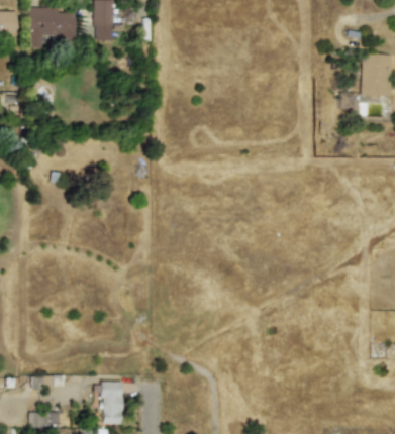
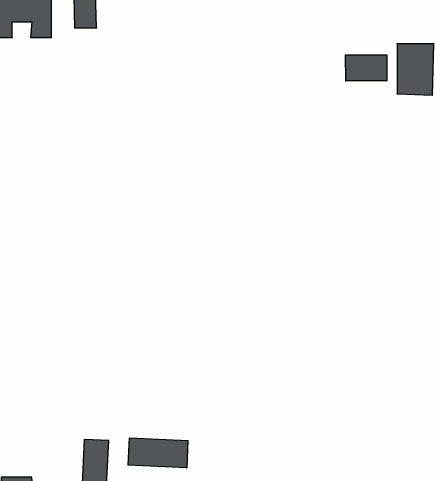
building: none -> [346,55,387,81]
building: none -> [128,438,188,468]

